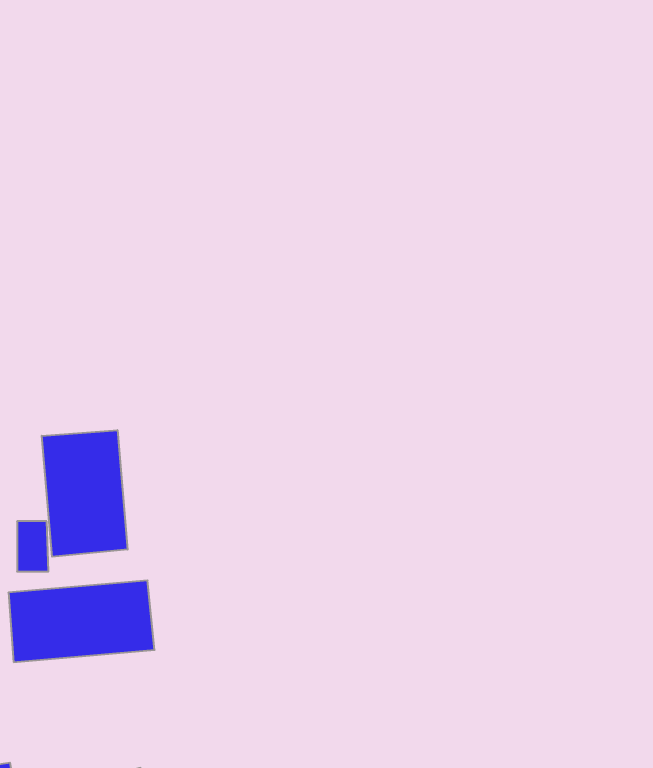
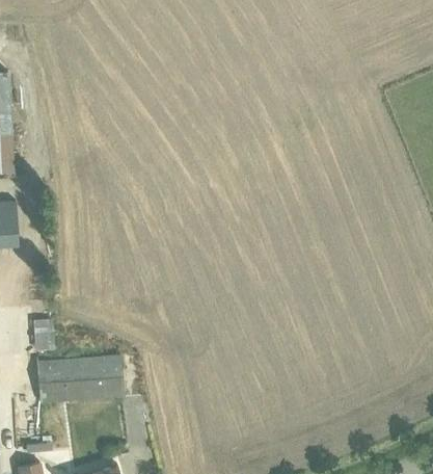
building: [42,430,128,557] -> none

